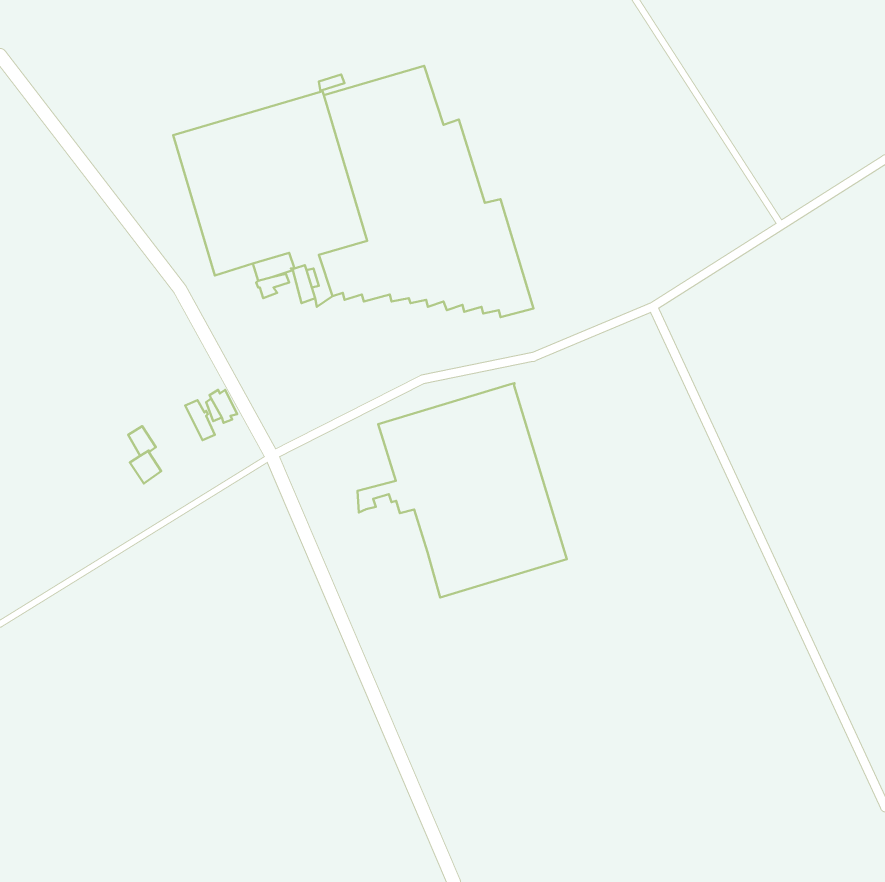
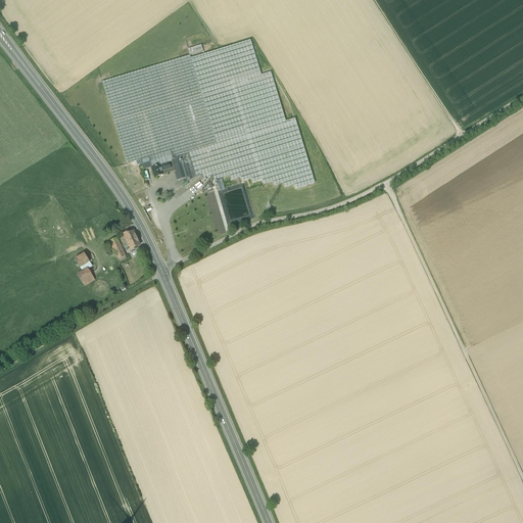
building: [358,383,567,598] -> none

